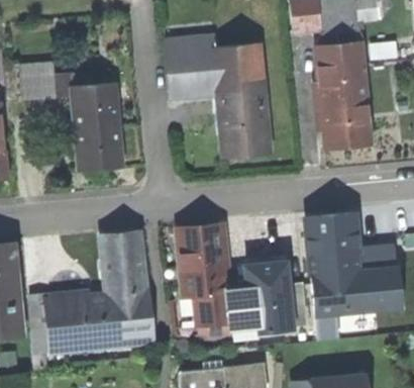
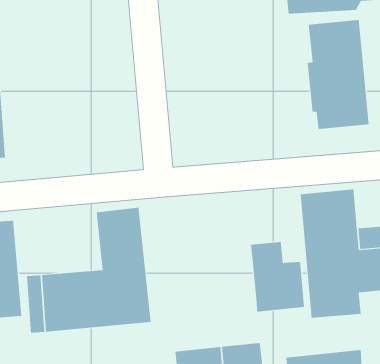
building: [163,33,271,158] -> none
building: [19,64,57,101] -> none
building: [70,84,124,172] -> none
building: [177,224,260,345] -> none

